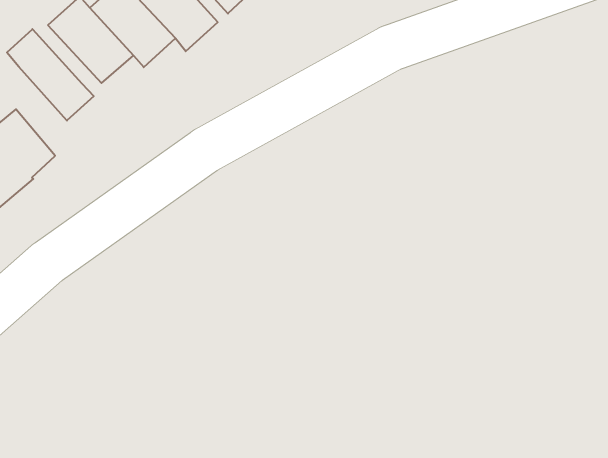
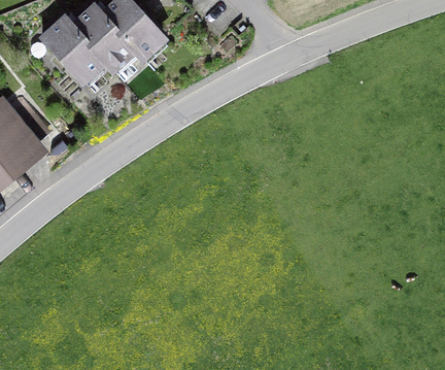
building: [7,29,94,121] -> none

